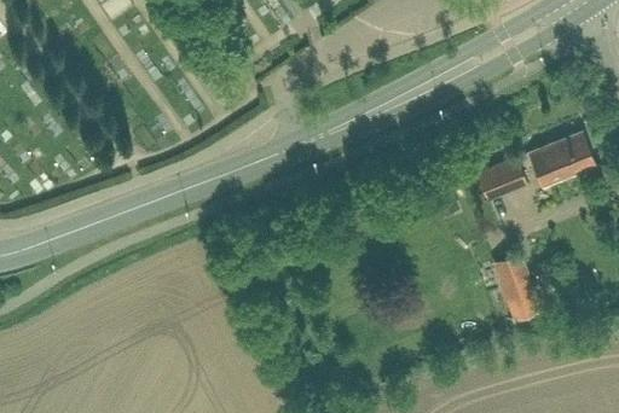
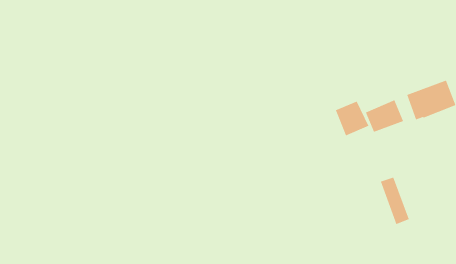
building: none -> [335,100,370,136]

